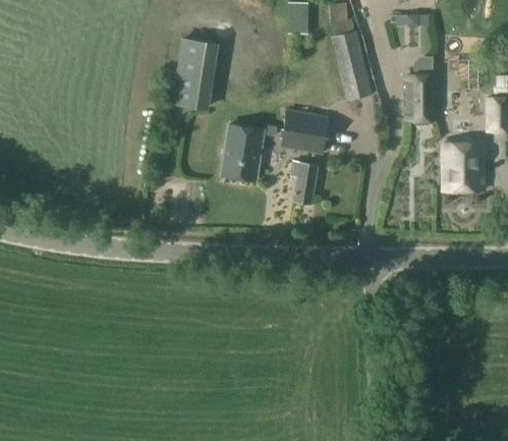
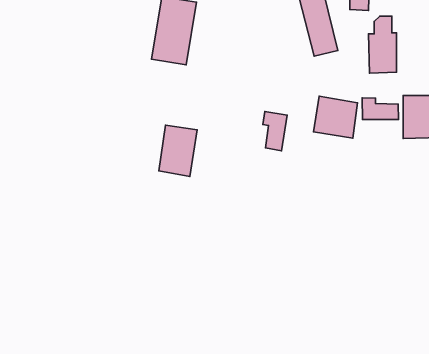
building: [281,109,329,155] -> [314,96,358,138]
building: [222,125,264,181] -> [159,125,197,177]
building: none -> [362,98,398,119]

